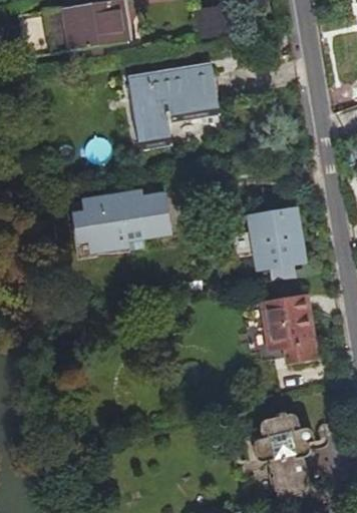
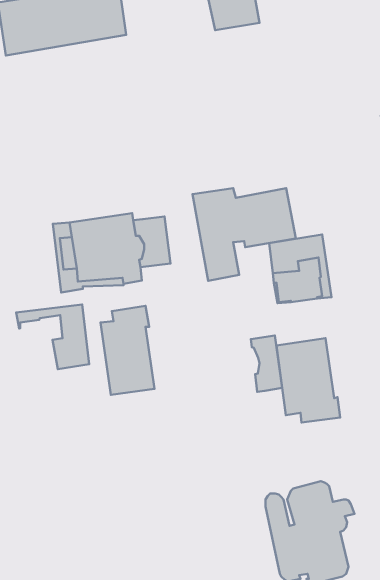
building: [132,67,219,144] -> [192,188,296,281]
building: none -> [16,304,89,369]
building: none -> [101,306,154,395]
building: none -> [251,336,282,392]

